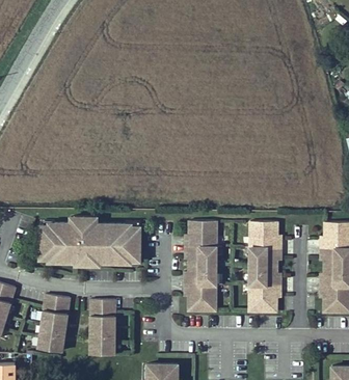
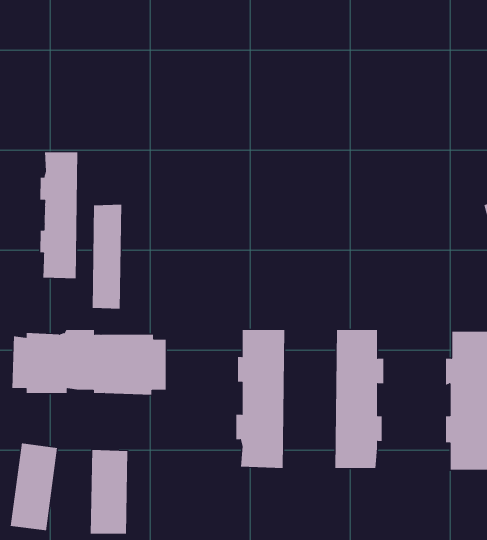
building: none -> [40,151,78,279]
building: none -> [92,204,122,310]

